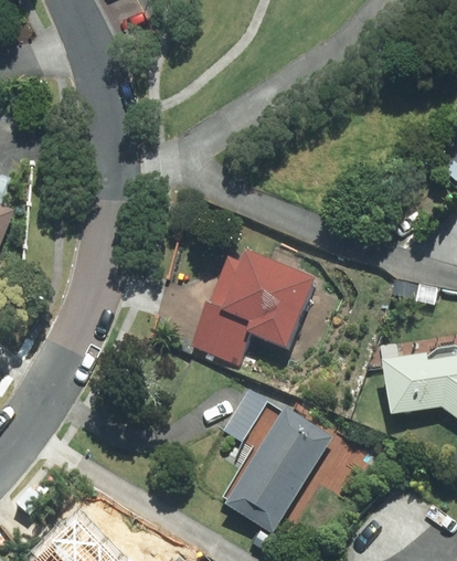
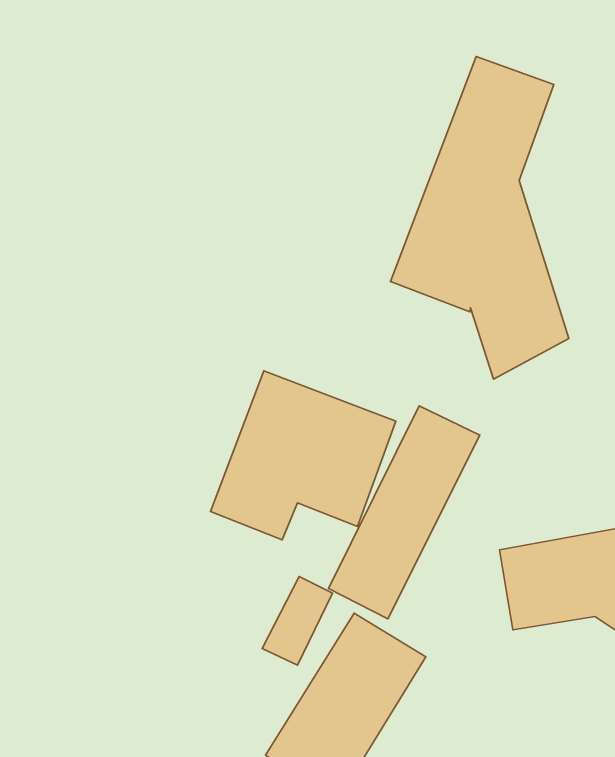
building: none -> [391,57,569,379]
building: none -> [329,406,480,619]

